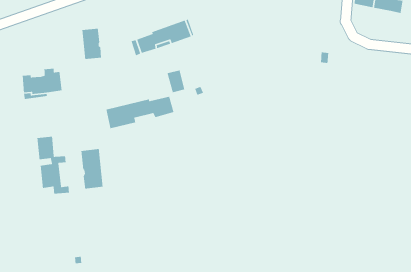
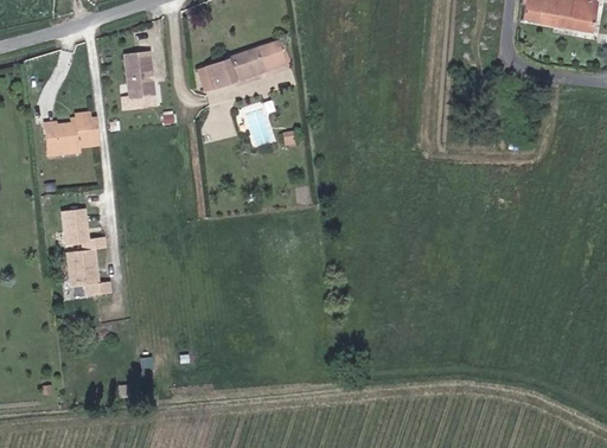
building: [105,96,174,129] -> none
building: [80,148,104,189] -> none

